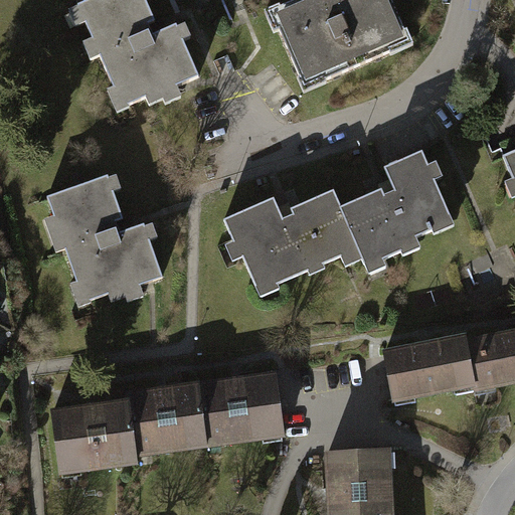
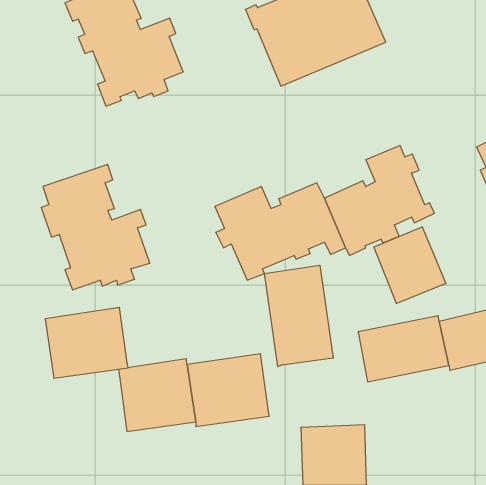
building: none -> [374,227,446,303]
building: none -> [264,265,333,367]
building: [49,395,137,470] -> [45,307,128,378]

